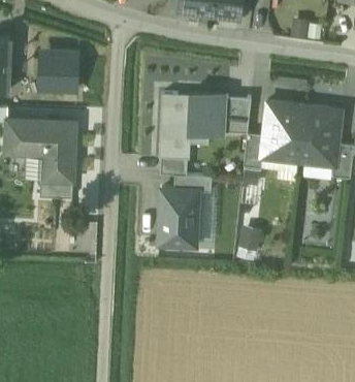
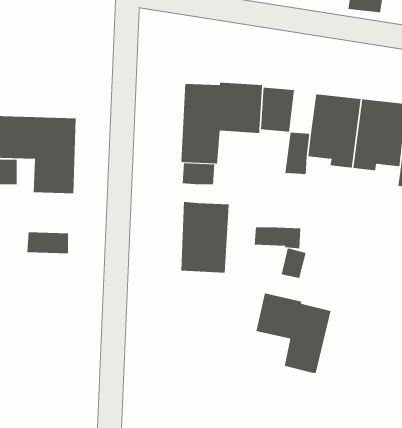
building: [38,51,79,92] -> none
building: [173,177,212,194] -> [254,227,301,249]
building: [39,183,73,200] -> [27,232,69,254]
building: none -> [255,292,331,374]

